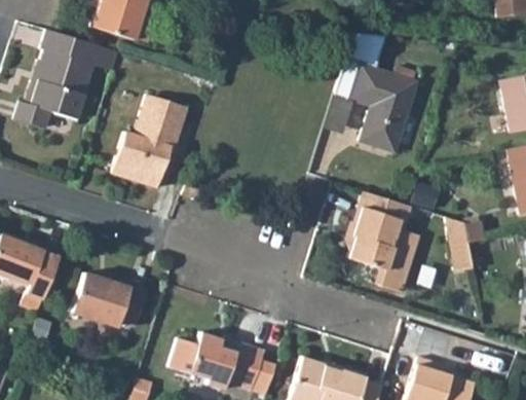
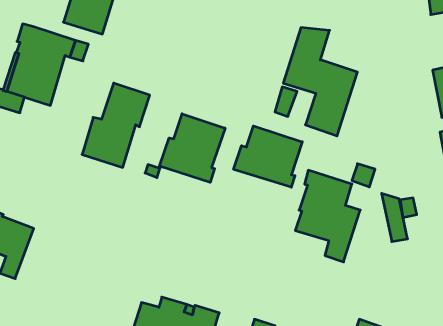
building: none -> [159,114,225,182]
building: none -> [234,126,302,187]
building: [70,274,147,327] -> none

